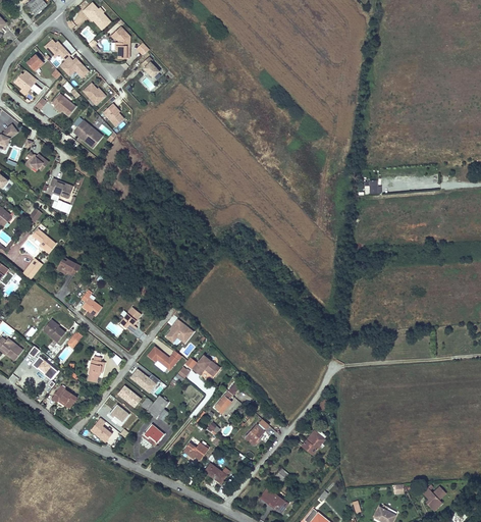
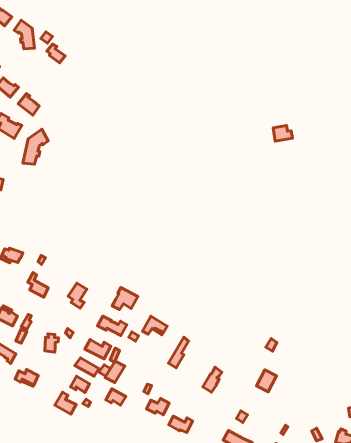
building: none -> [23,129,48,164]

